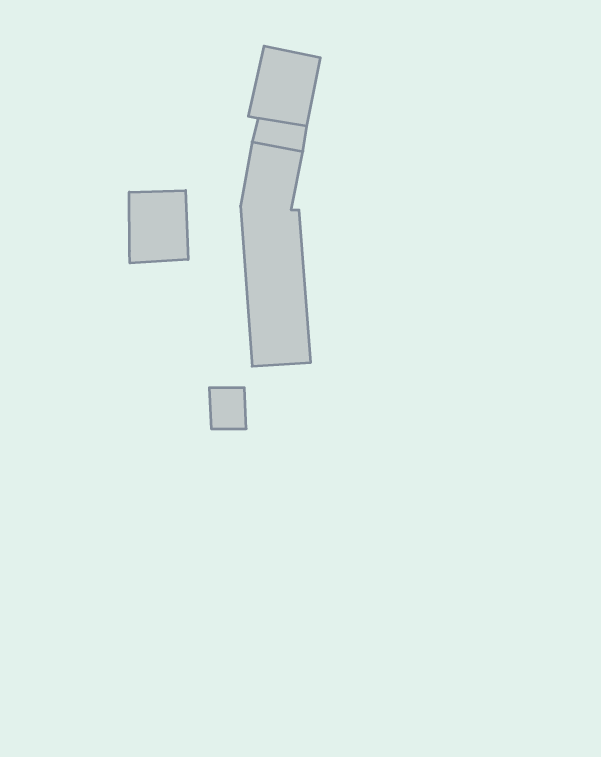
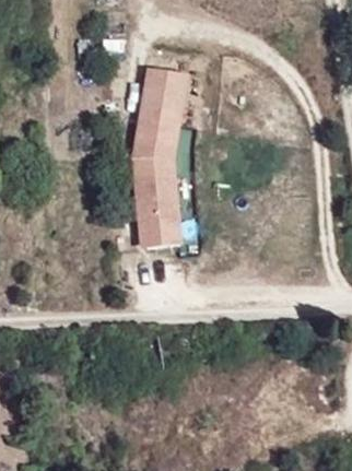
building: [129,190,188,263] -> none

